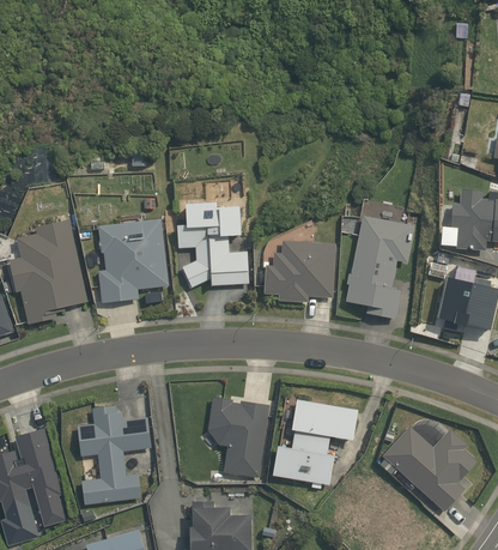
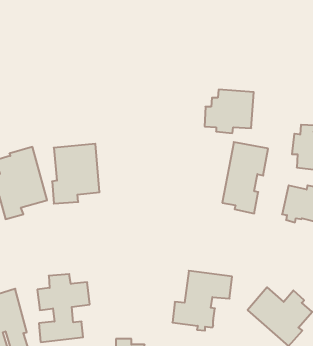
building: [176,203,249,289] -> none
building: [263,240,335,303] -> [205,90,254,133]
building: [207,397,269,479] -> none

